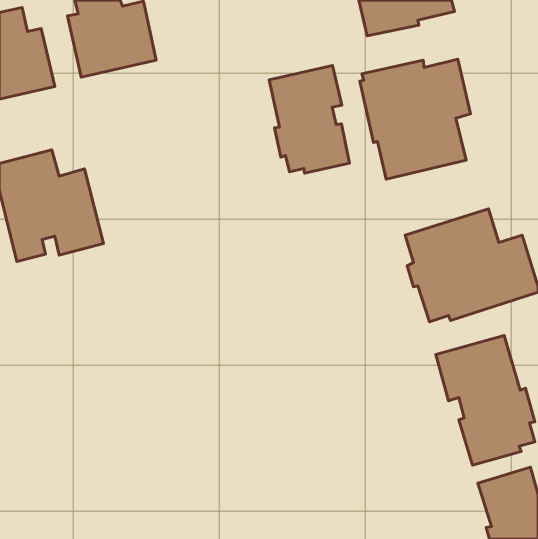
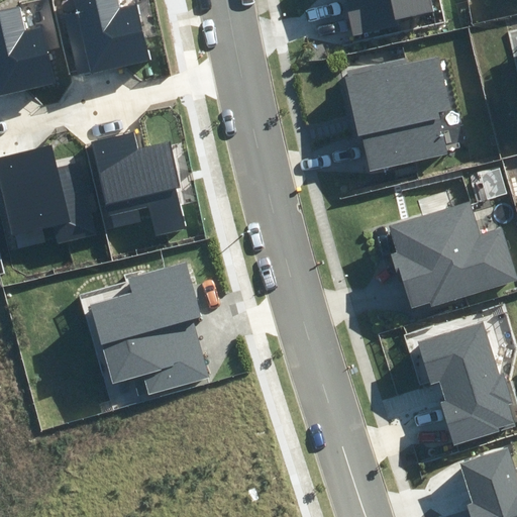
building: [269,65,349,173] -> none
building: none -> [92,132,185,236]
building: none -> [90,263,210,396]

